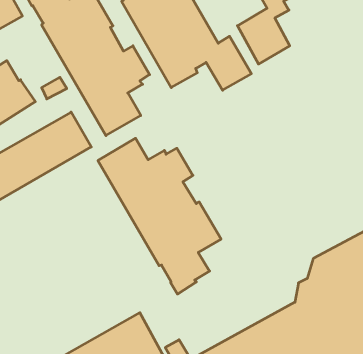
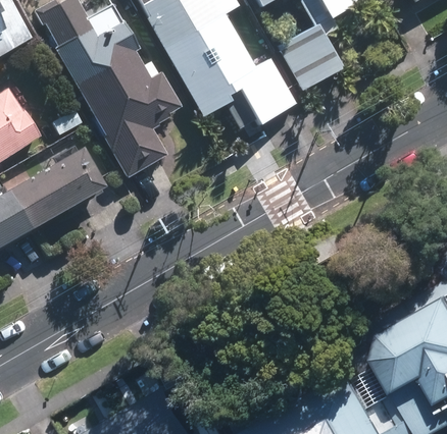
building: [98,138,221,294] -> none

